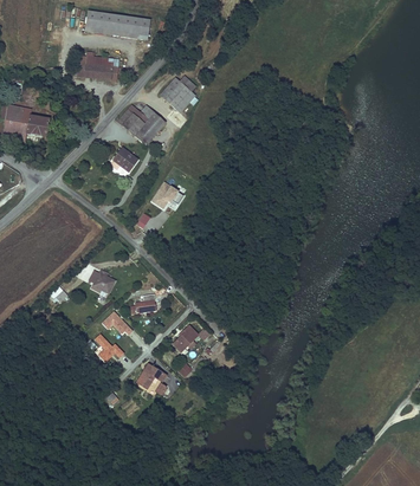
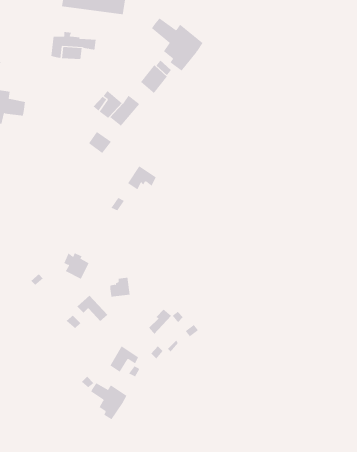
building: none -> [151,18,204,71]
building: none -> [90,382,128,420]

